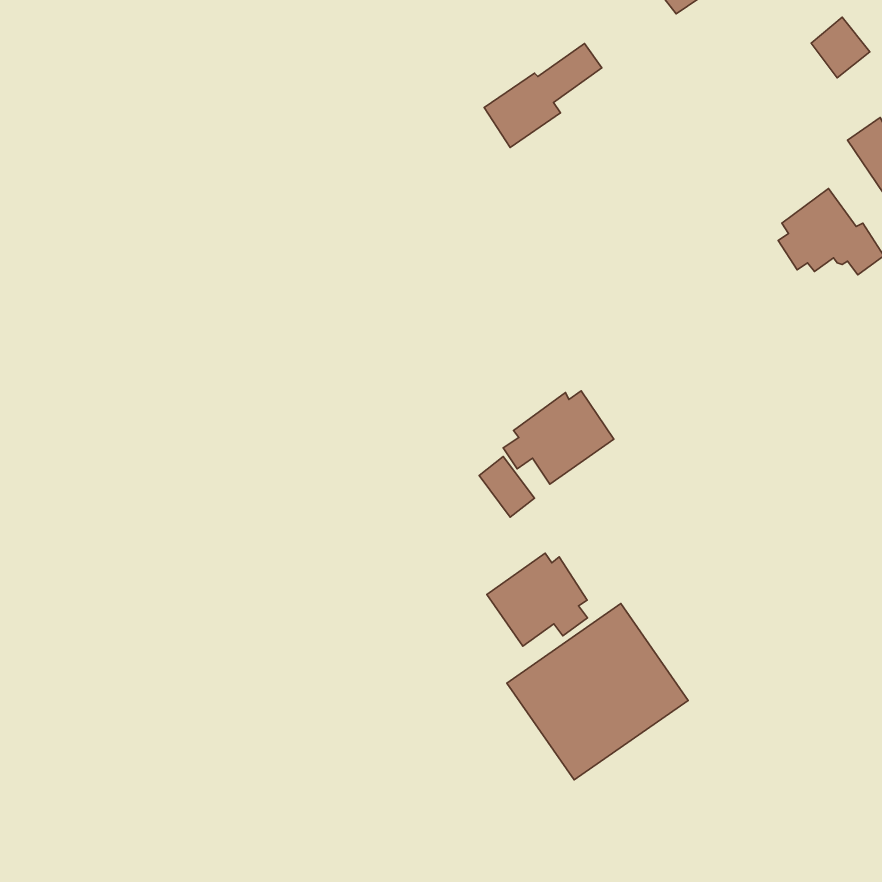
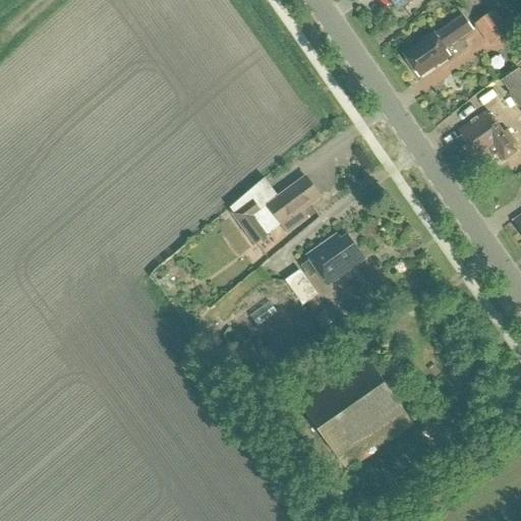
building: [484,44,602,147] -> [406,16,475,77]
building: none -> [233,177,322,244]
building: [487,553,587,646] -> none

